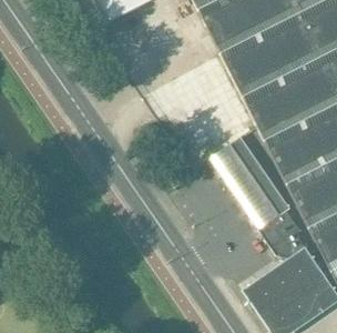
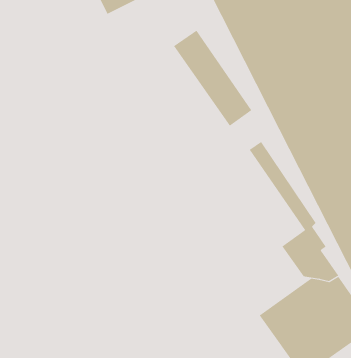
building: [211,143,280,229] -> [173,30,252,127]

